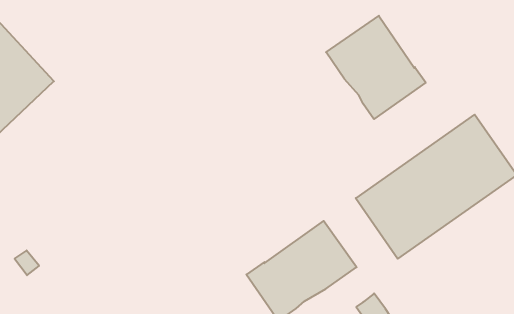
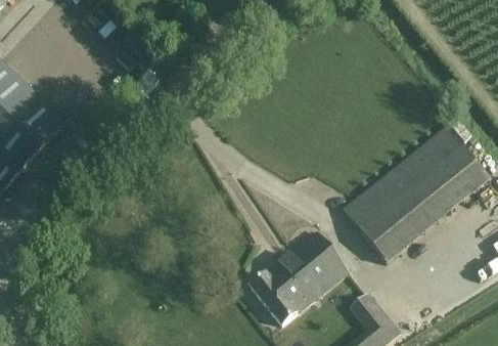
building: [326,16,426,119] -> none

